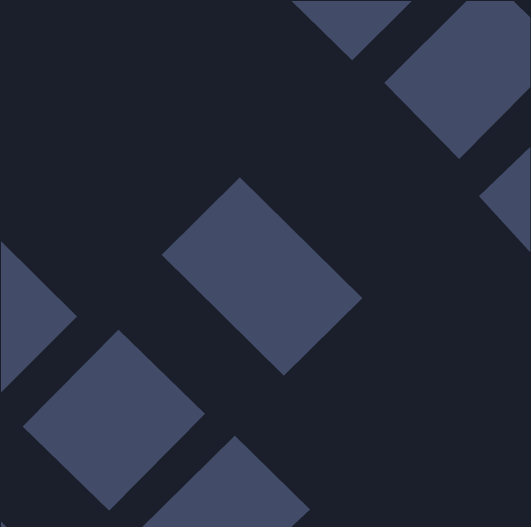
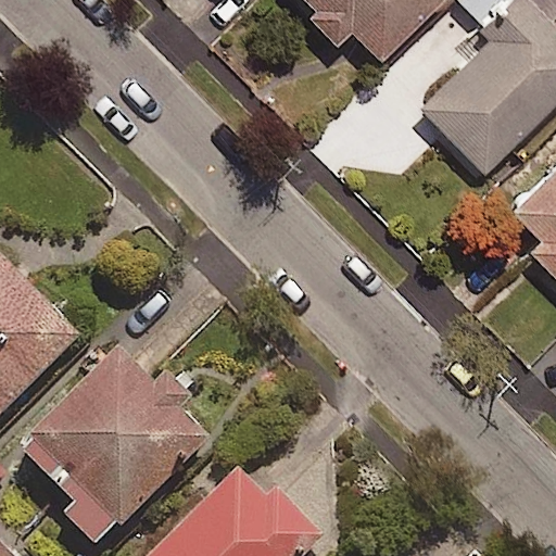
building: [161,176,363,376] -> none

